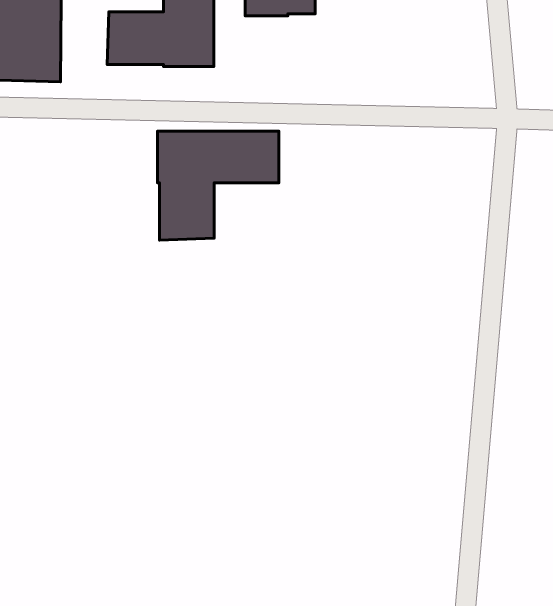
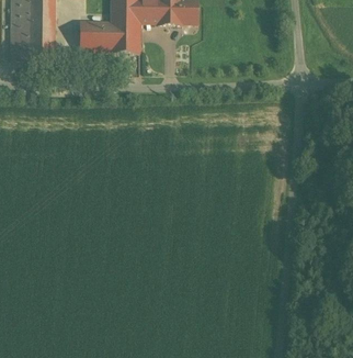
building: [158,131,279,240] -> none

